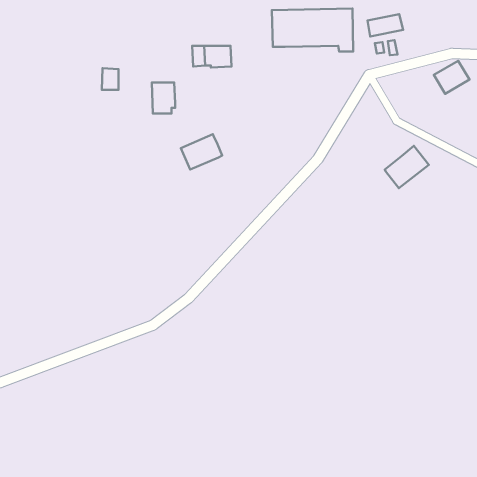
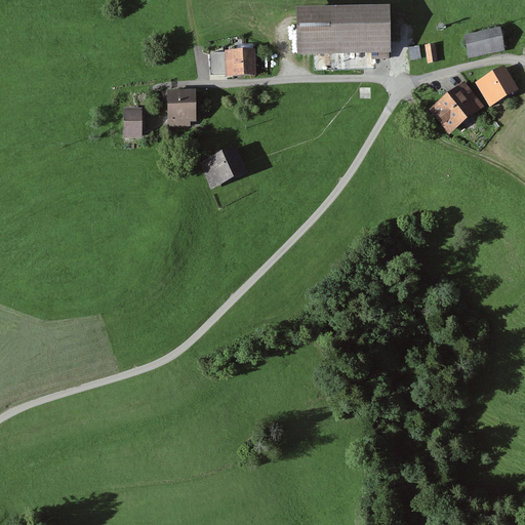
building: [367,14,403,36] -> [466,29,504,53]
building: [102,68,119,90] -> [123,110,142,133]
building: [385,146,429,188] -> [433,83,481,129]

